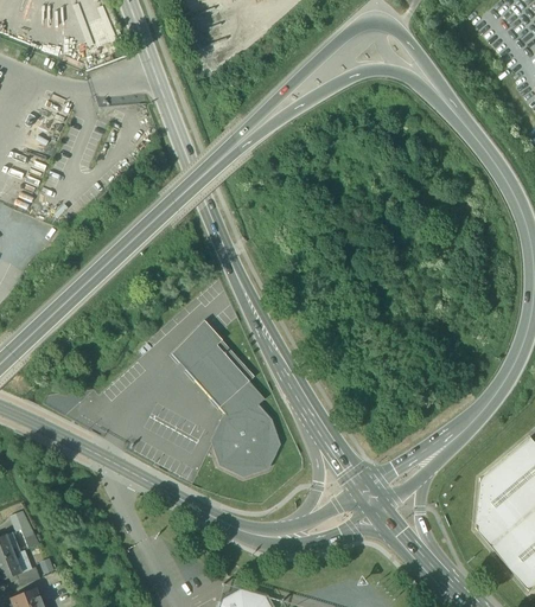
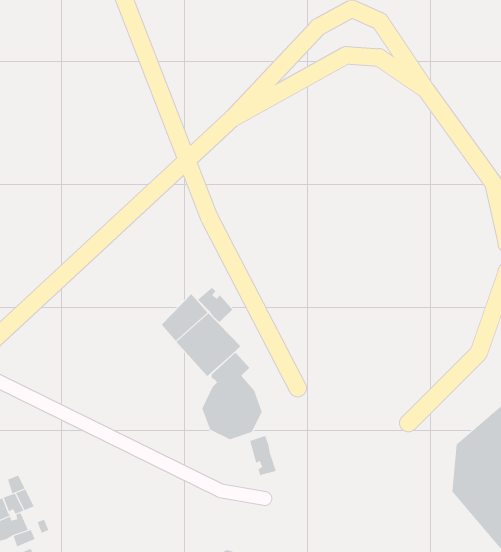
building: none -> [197,287,233,323]
building: none -> [249,435,277,476]

